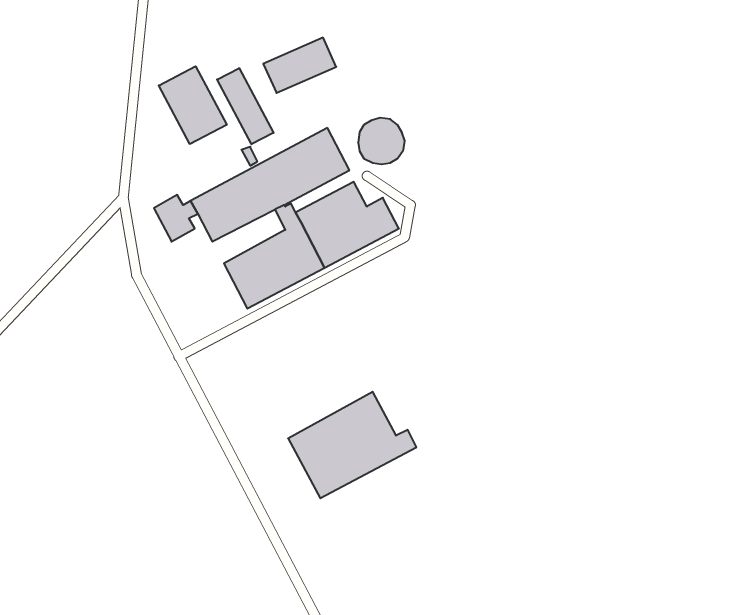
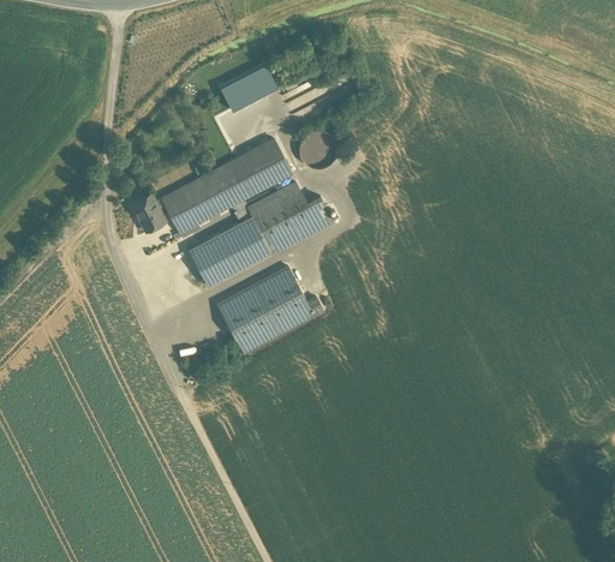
building: [159,66,227,144] -> none
building: [217,68,274,144] -> none
building: [288,392,416,498] -> [216,267,322,354]

